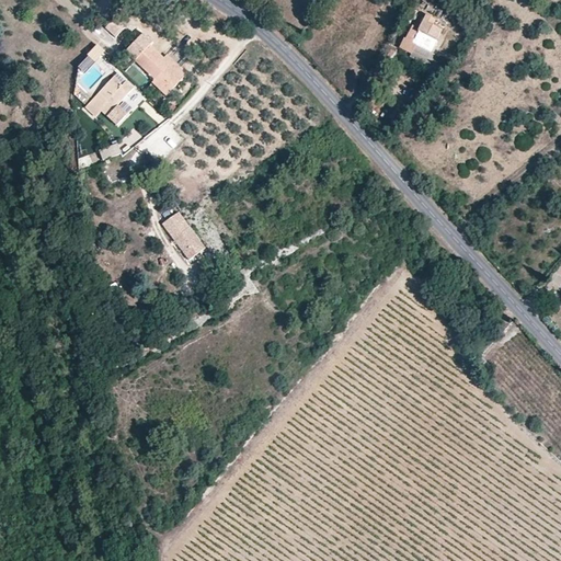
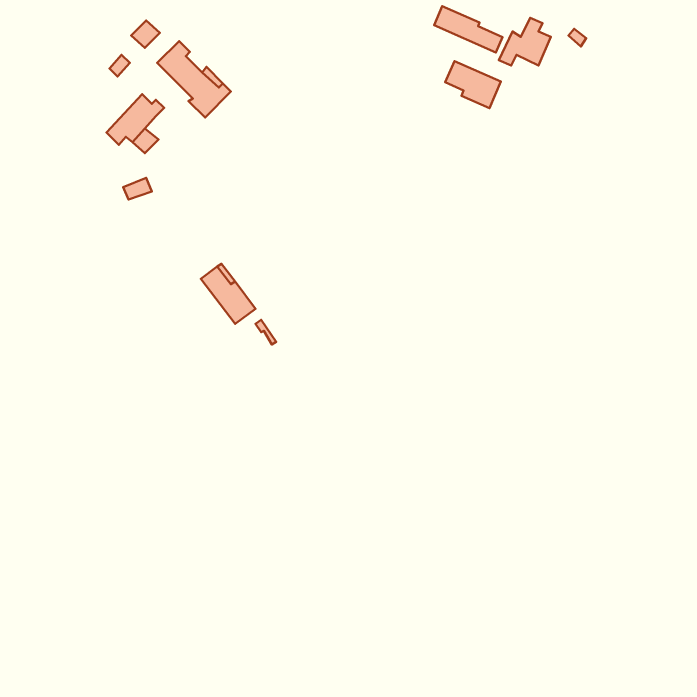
building: none -> [434,6,502,53]
building: none -> [445,61,501,108]

